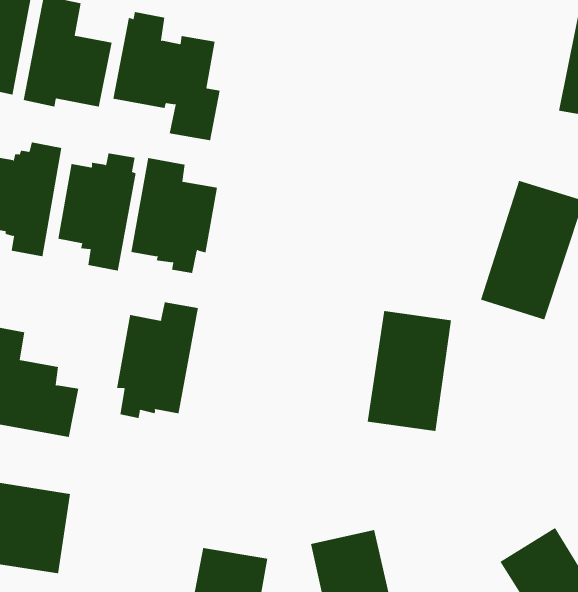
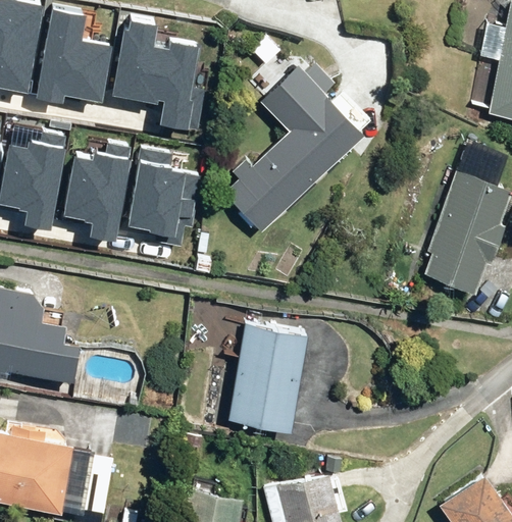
building: none -> [226,63,368,227]
building: [116,301,198,419] -> none
building: [367,311,452,432] -> [231,329,303,432]

